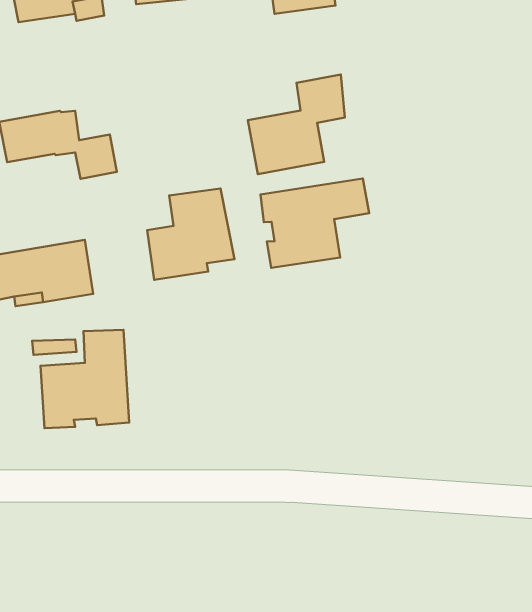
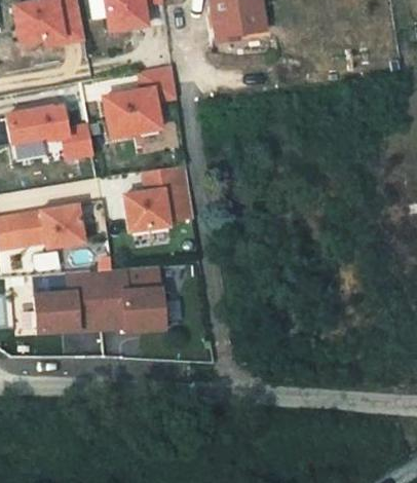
building: [248,74,345,174] -> [100,66,172,140]
building: [260,179,369,268] -> none
building: none -> [103,268,169,342]

